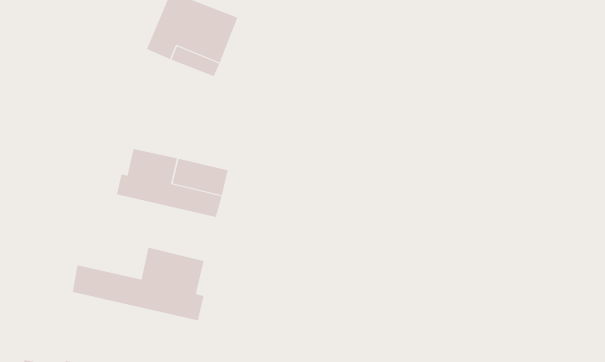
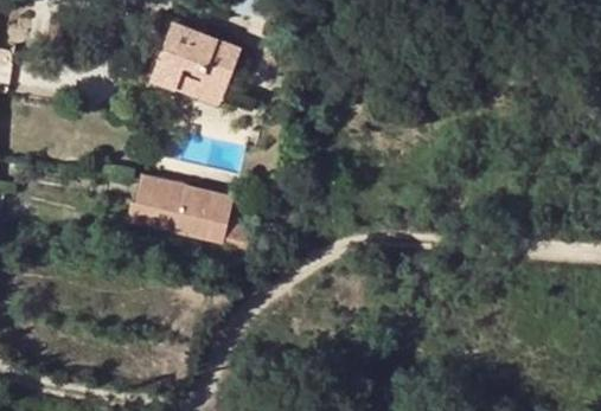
building: [72,247,204,321] -> none

